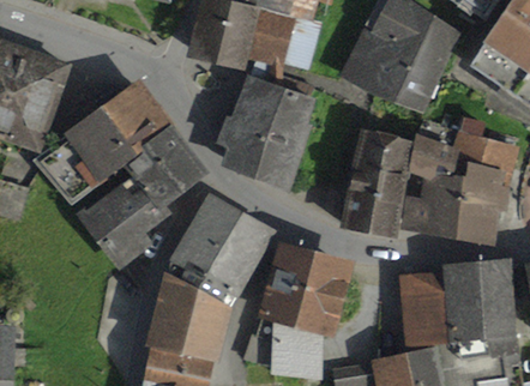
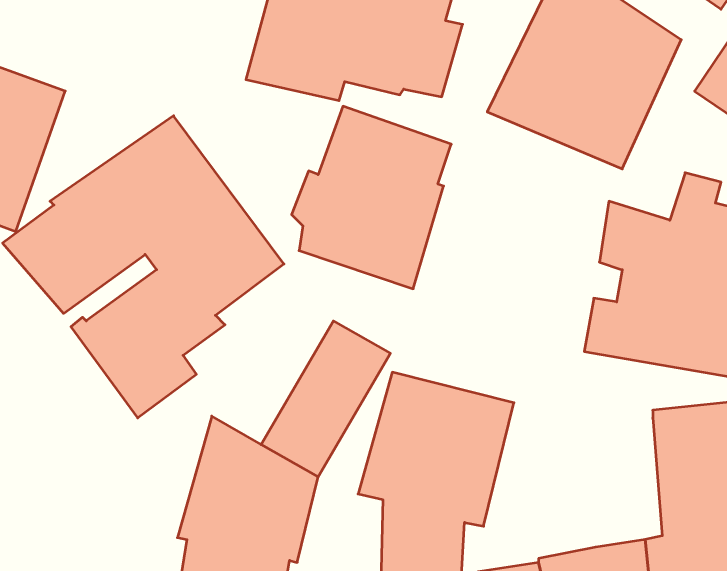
building: [341,128,414,237] -> none
building: [164,192,241,288] -> none
building: [398,271,448,352] -> none

